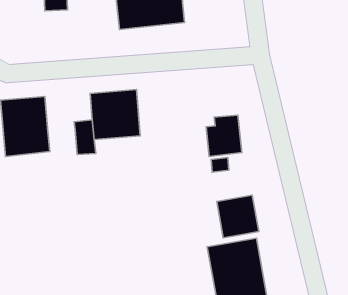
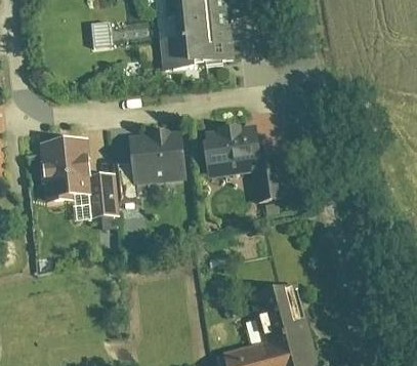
building: none -> [204,124,261,172]
building: none -> [87,171,120,216]
building: [217,195,259,238] -> none

